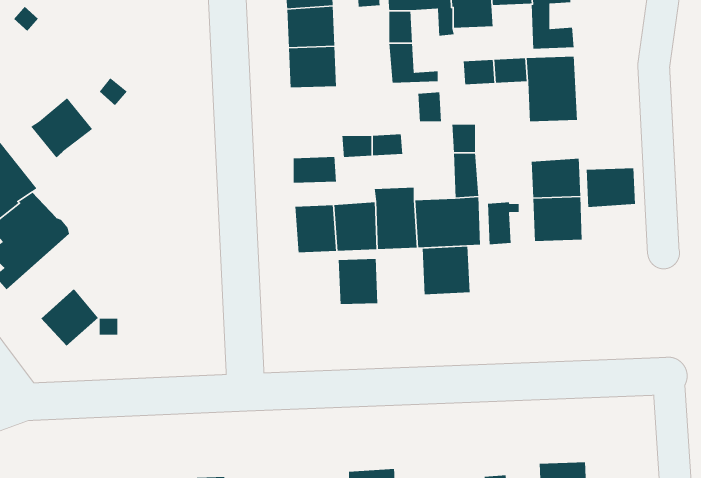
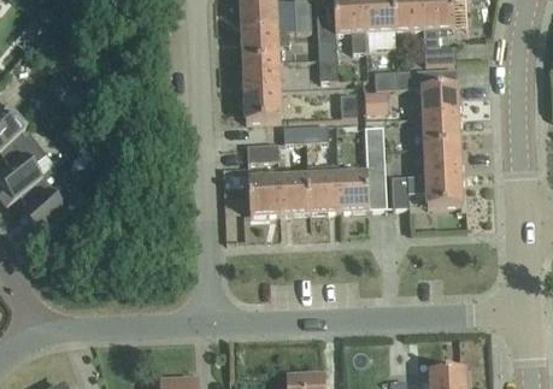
building: none -> [243,90,281,122]
building: [30,97,93,159] -> none
building: [586,167,636,208] -> [422,116,459,146]
building: [422,246,470,295] -> none
building: [338,258,378,305] -> none
building: [41,288,99,347] -> none

